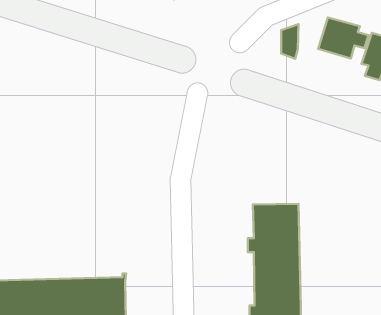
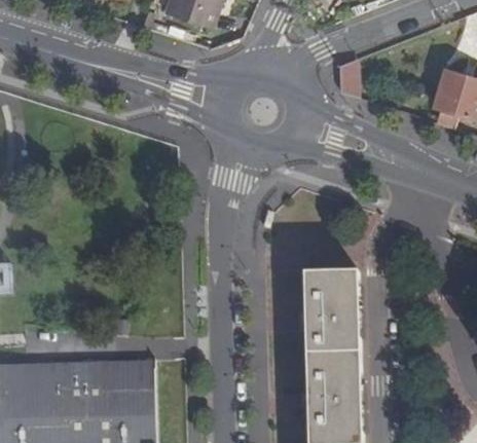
building: [318,18,368,59] -> none

